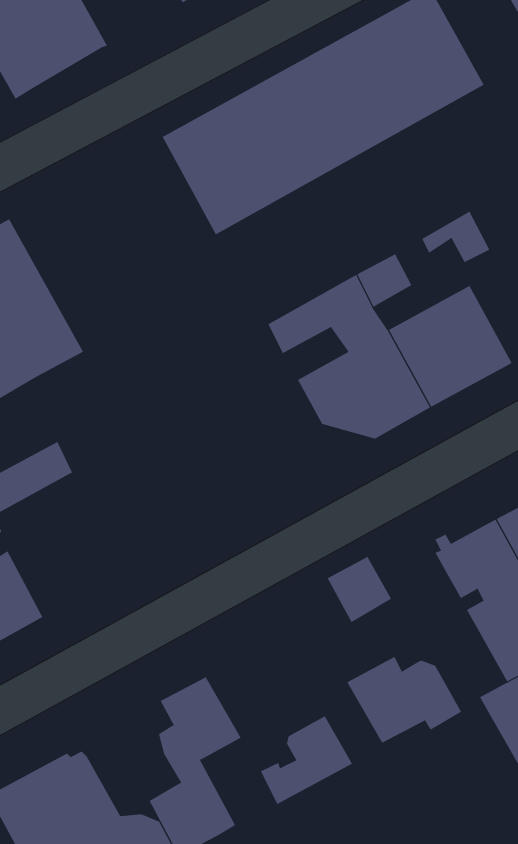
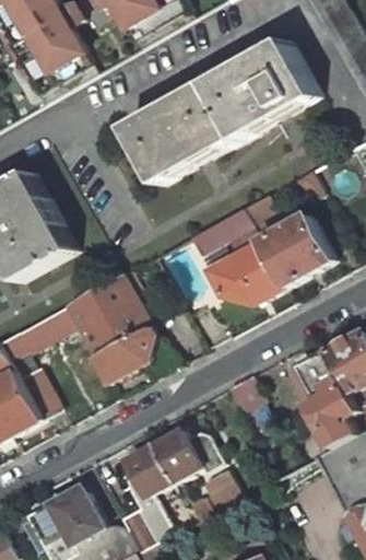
building: none -> [66,273,155,383]
building: [347,656,462,743] -> [153,429,221,480]

